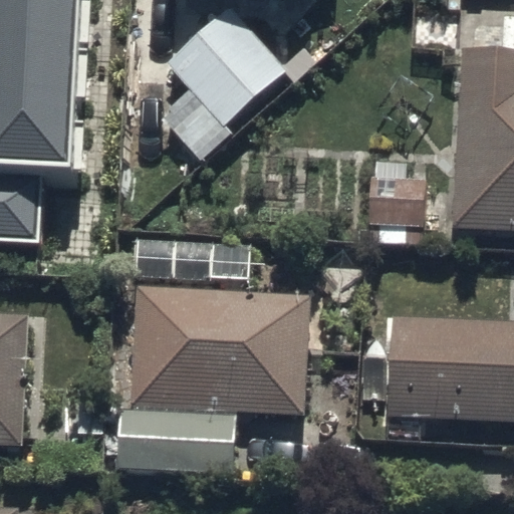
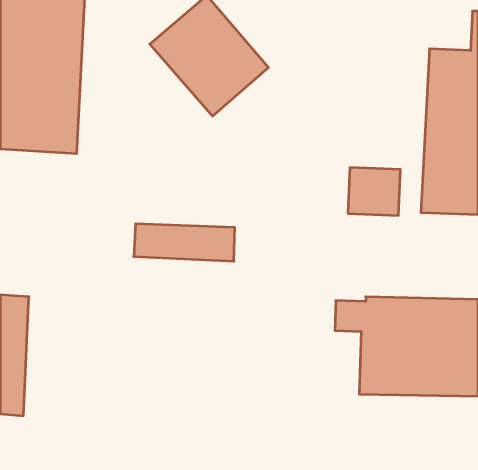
building: [131,280,305,412] -> none
building: [123,413,237,475] -> none

